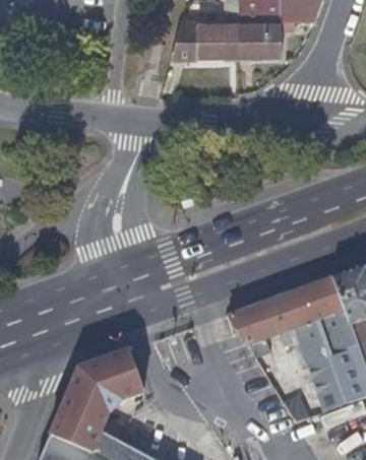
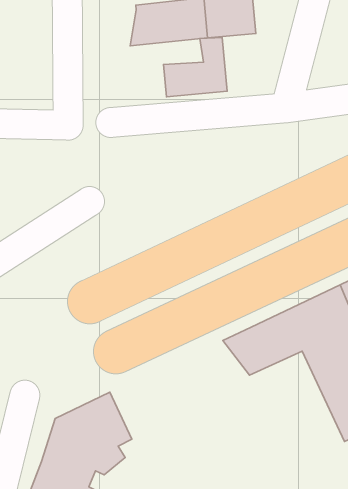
building: none -> [164,38,227,97]

